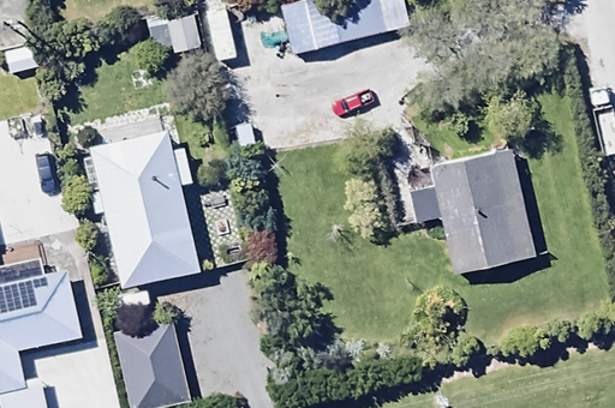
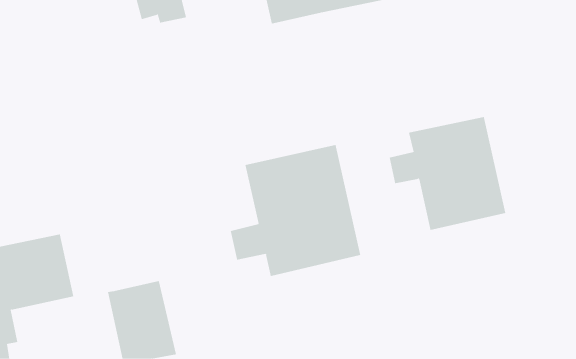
building: [89,131,201,288] -> none
building: none -> [230,144,361,277]

